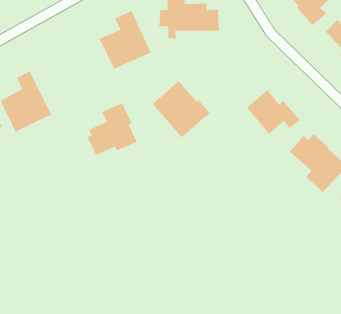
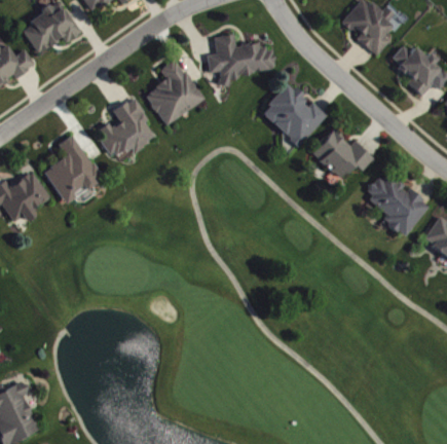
building: [152,80,210,138] -> [262,83,327,146]
building: [87,103,137,156] -> [100,98,155,158]

